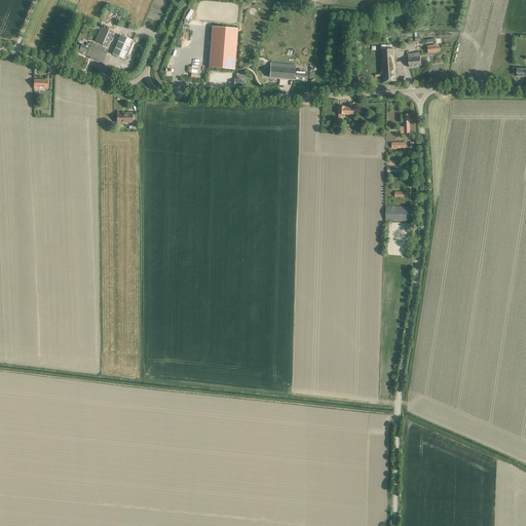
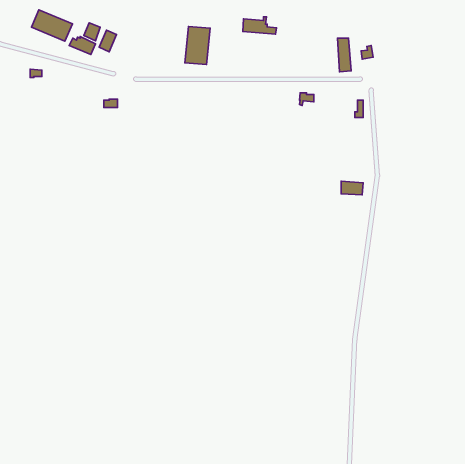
building: none -> [31,10,72,41]
building: [269,60,307,79] -> [243,17,276,34]

